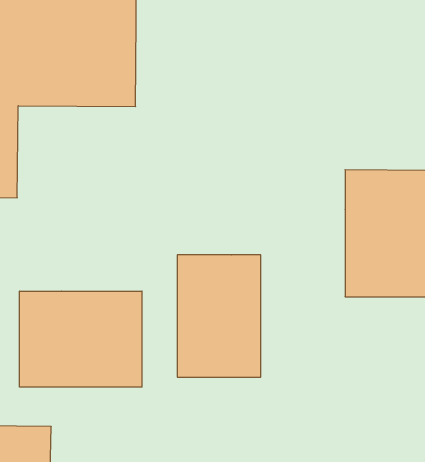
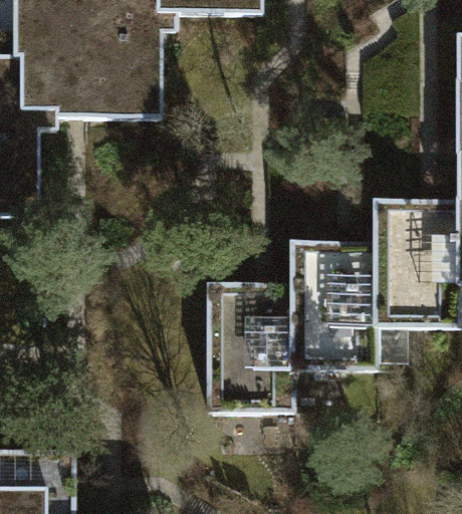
building: none -> [290,237,378,368]
building: [20,291,142,387] -> none

